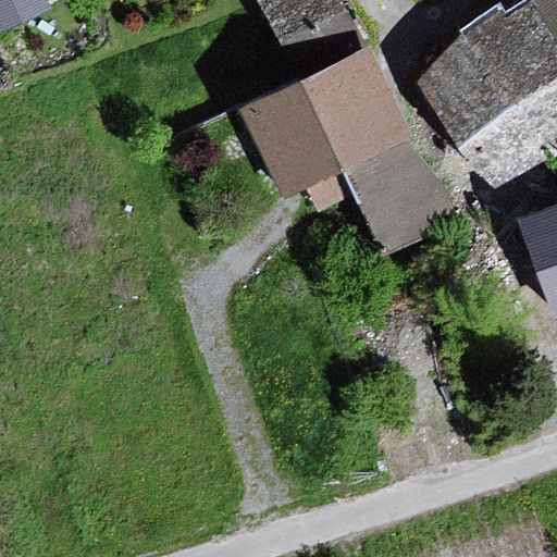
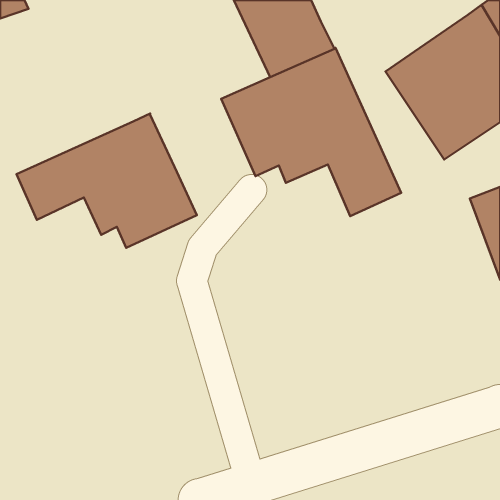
building: none -> [17,114,197,248]

